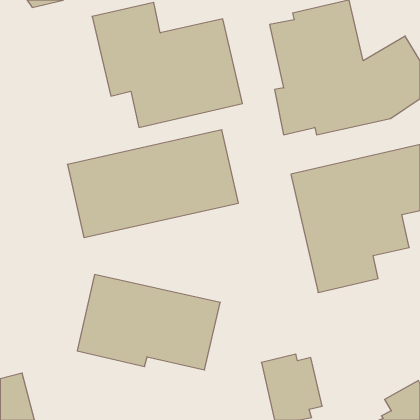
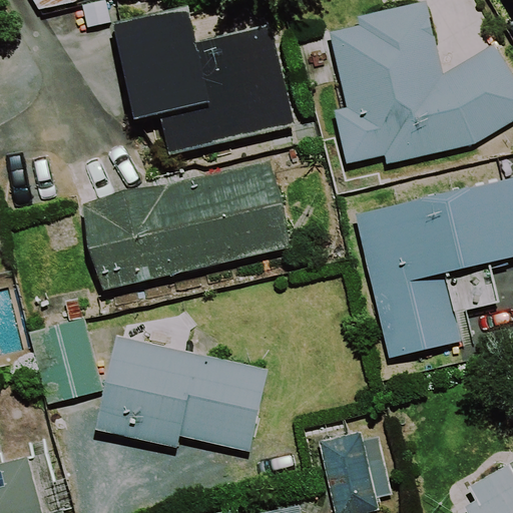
building: none -> [29,318,102,405]

